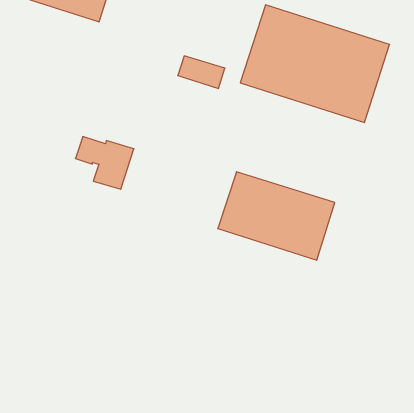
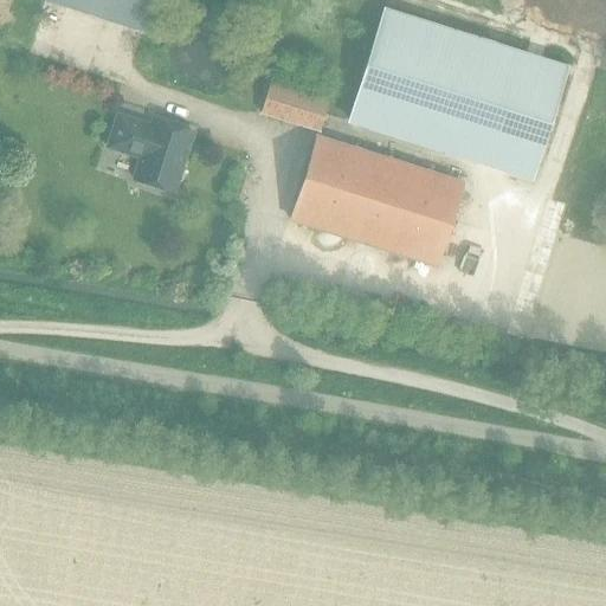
building: [75,137,134,189] -> [108,112,193,189]
building: [218,172,335,260] -> [291,135,462,264]

